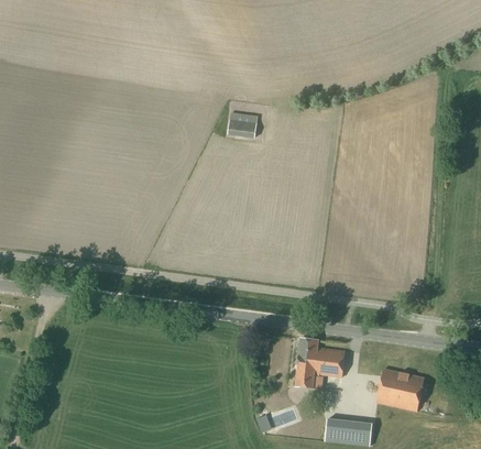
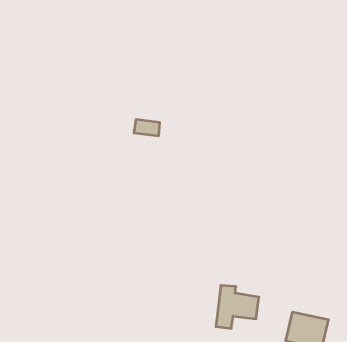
building: [227,119,256,138] -> [134,120,160,136]

